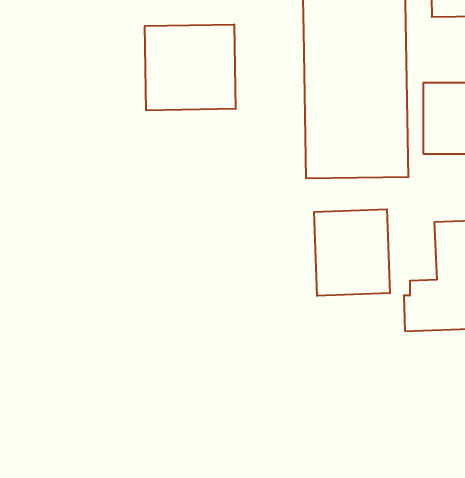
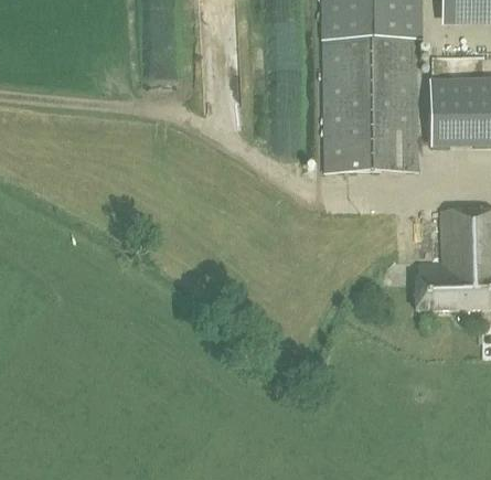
building: [145,24,236,110] -> none
building: [314,209,390,296] -> none

